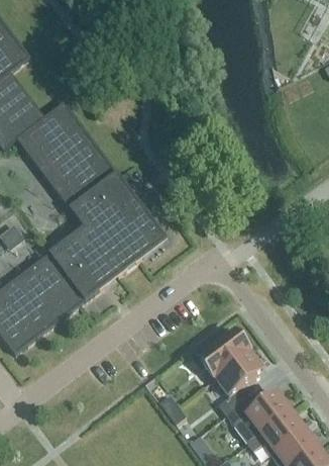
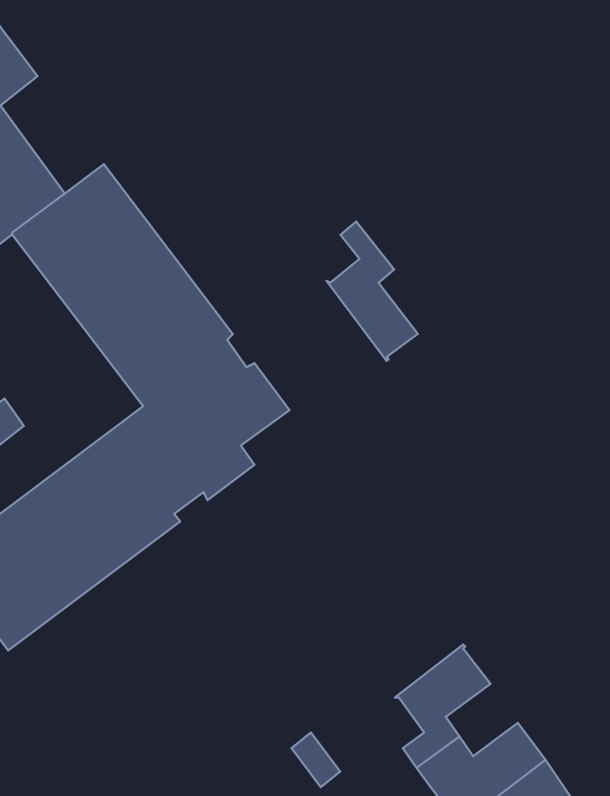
building: none -> [327,221,418,361]
building: [200,331,249,377] -> none

